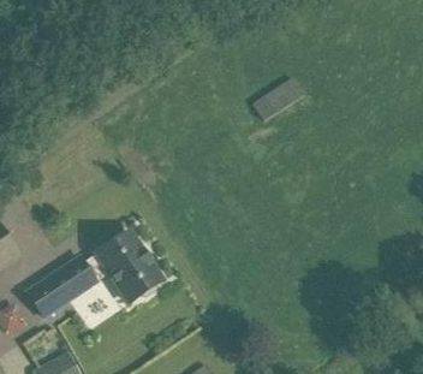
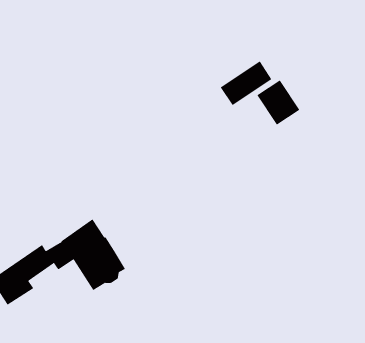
building: none -> [256,79,300,126]

